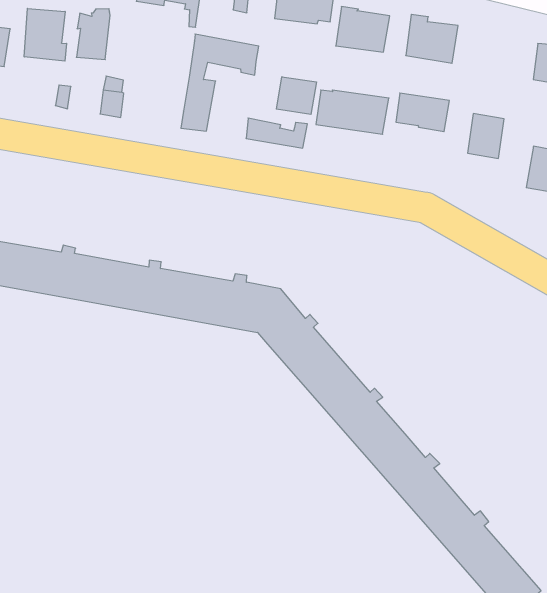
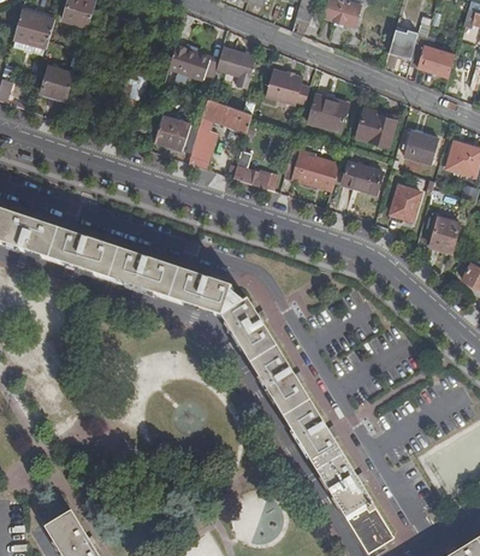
building: [24,8,67,61] -> none
building: none -> [403,130,439,164]
building: none -> [155,116,200,152]
building: [276,77,316,114] -> none

